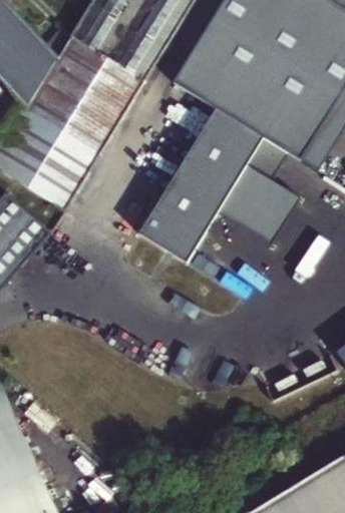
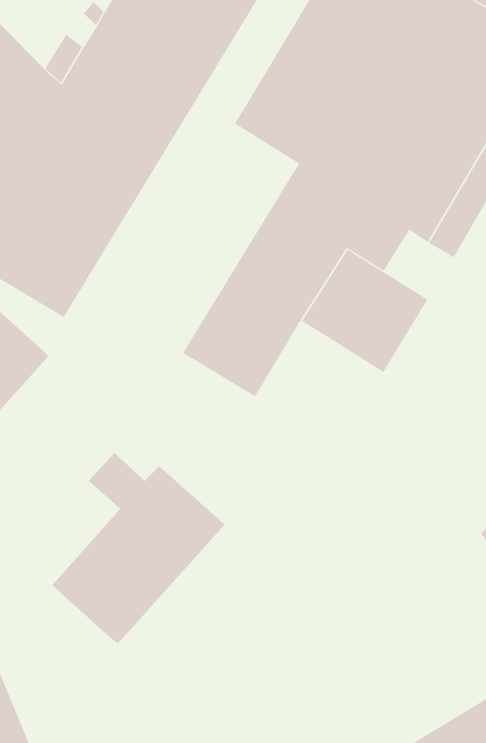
building: none -> [51,452,225,645]

